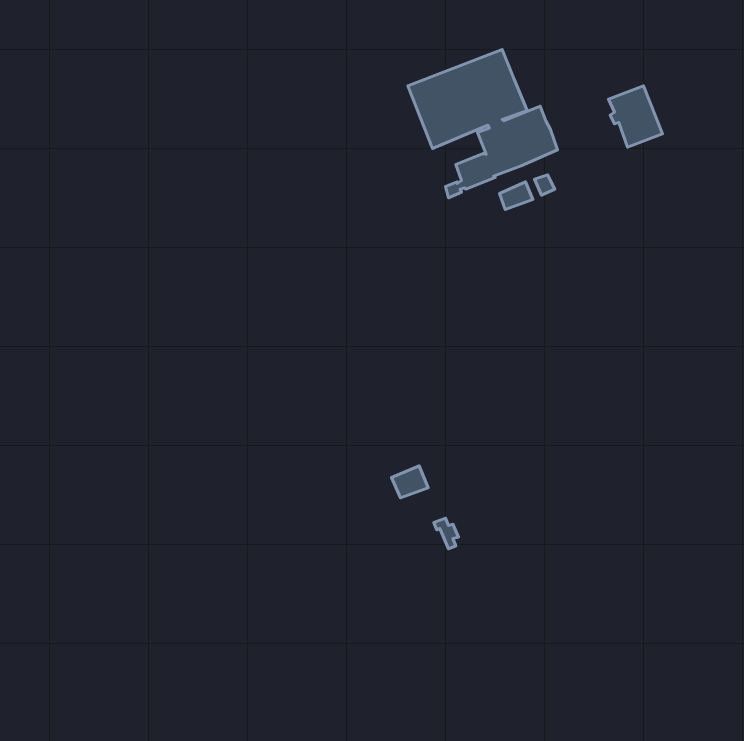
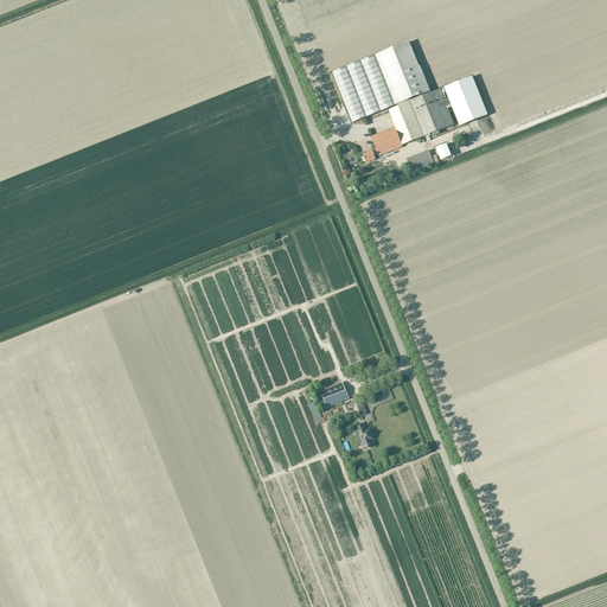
building: [609,86,662,147] -> [443,75,487,124]

